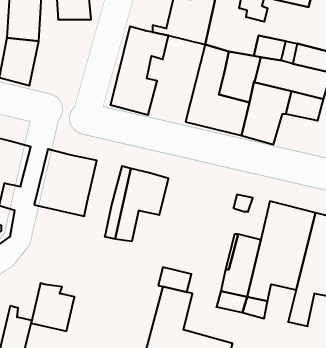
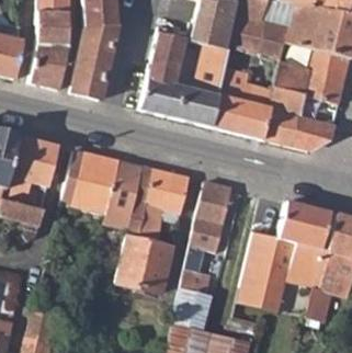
building: none -> [69,25,115,100]
building: none -> [170,41,225,124]
building: none -> [291,116,333,149]
building: none -> [112,161,145,204]
building: none -> [191,182,235,252]
building: [31,283,75,331] -> [125,236,167,282]

